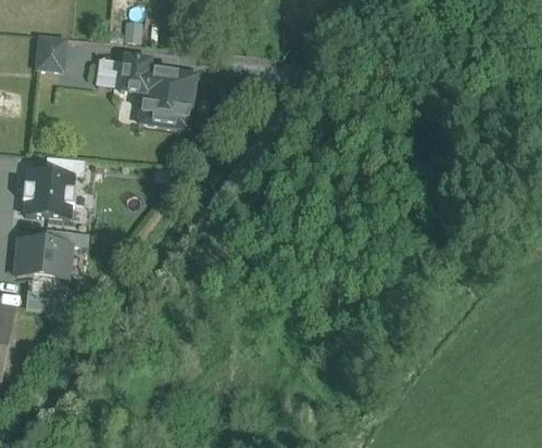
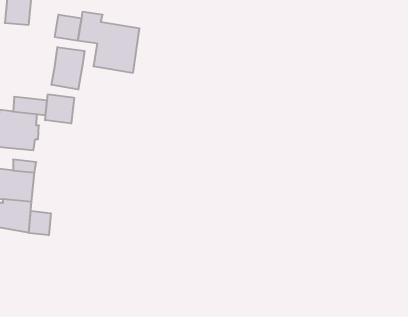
building: none -> [51,47,85,90]
building: none -> [45,94,74,124]
building: none -> [29,211,51,235]

